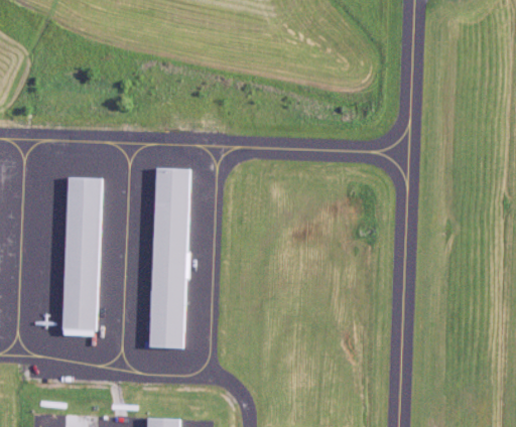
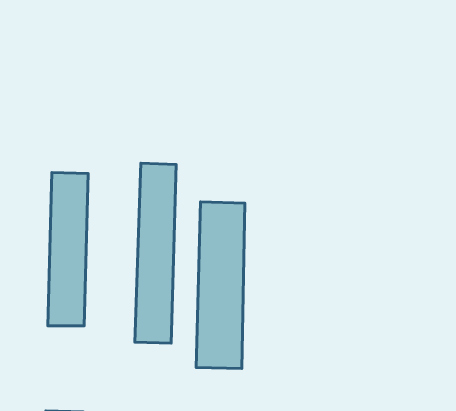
building: none -> [196,202,245,369]

